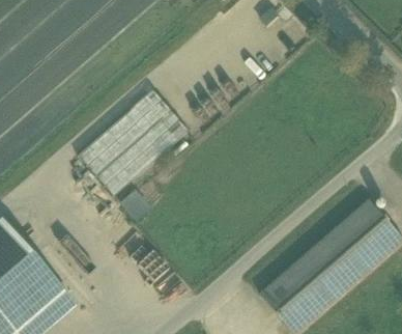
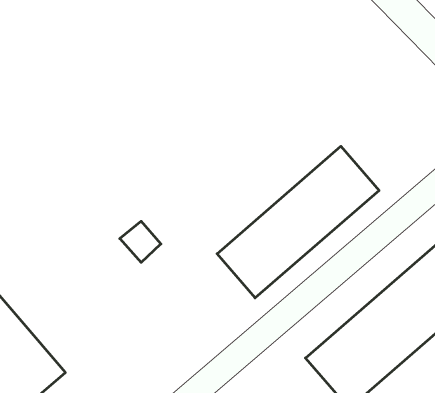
building: [77,88,188,194] -> none
building: none -> [217,146,379,298]

